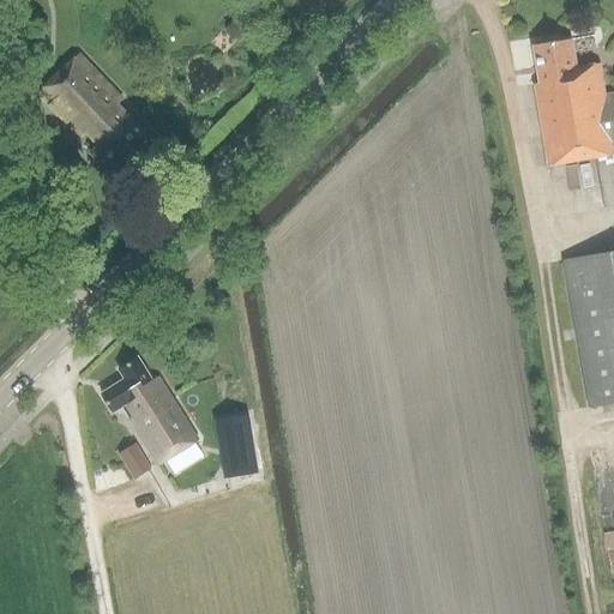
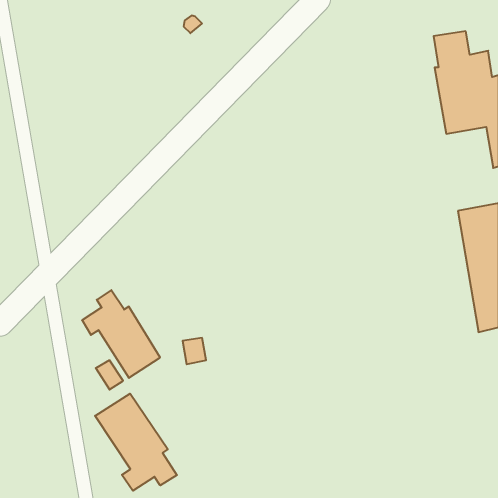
building: [40,53,152,174] -> none
building: none -> [95,394,177,491]

